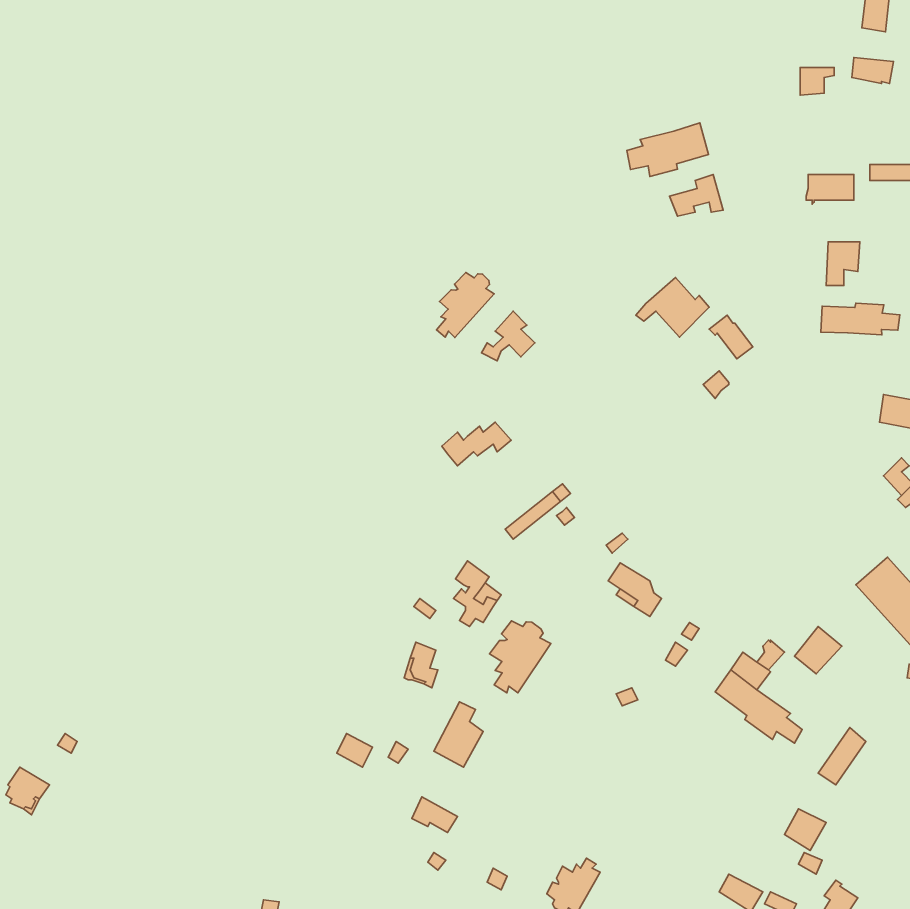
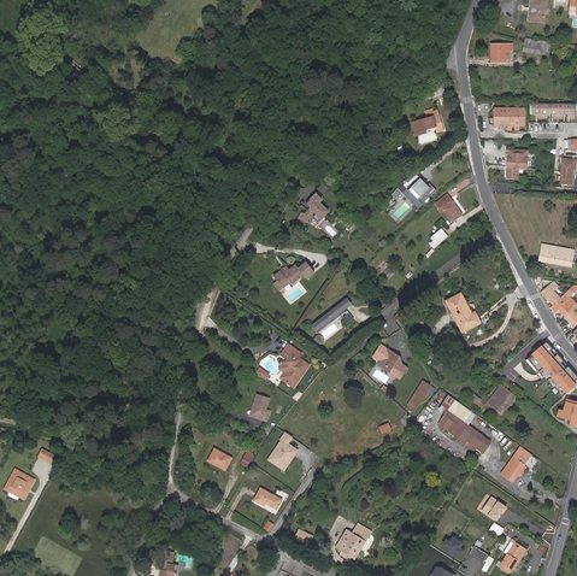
building: [627,123,708,176] -> none
building: [437,272,494,337] -> none
building: [821,303,900,335] -> none
building: none -> [446,293,481,331]
building: [489,621,551,693] -> none

